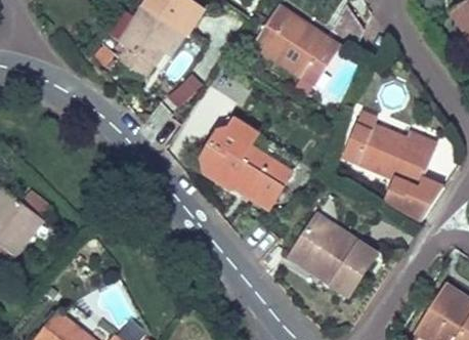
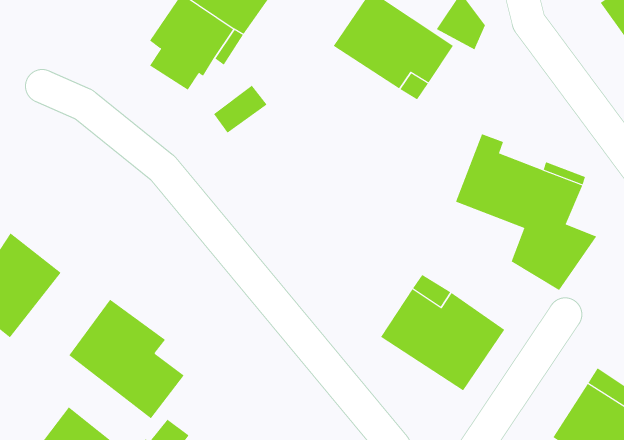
building: [197,115,294,212] -> none
building: none -> [68,299,185,419]

